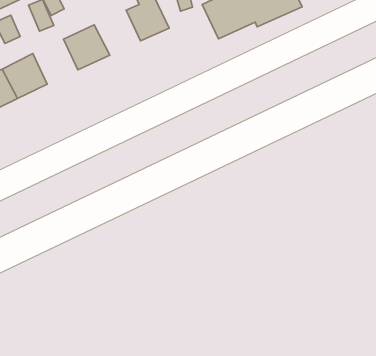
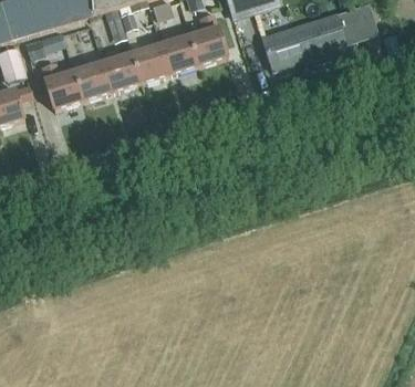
building: none -> [163,34,201,72]
building: none -> [105,43,143,90]

